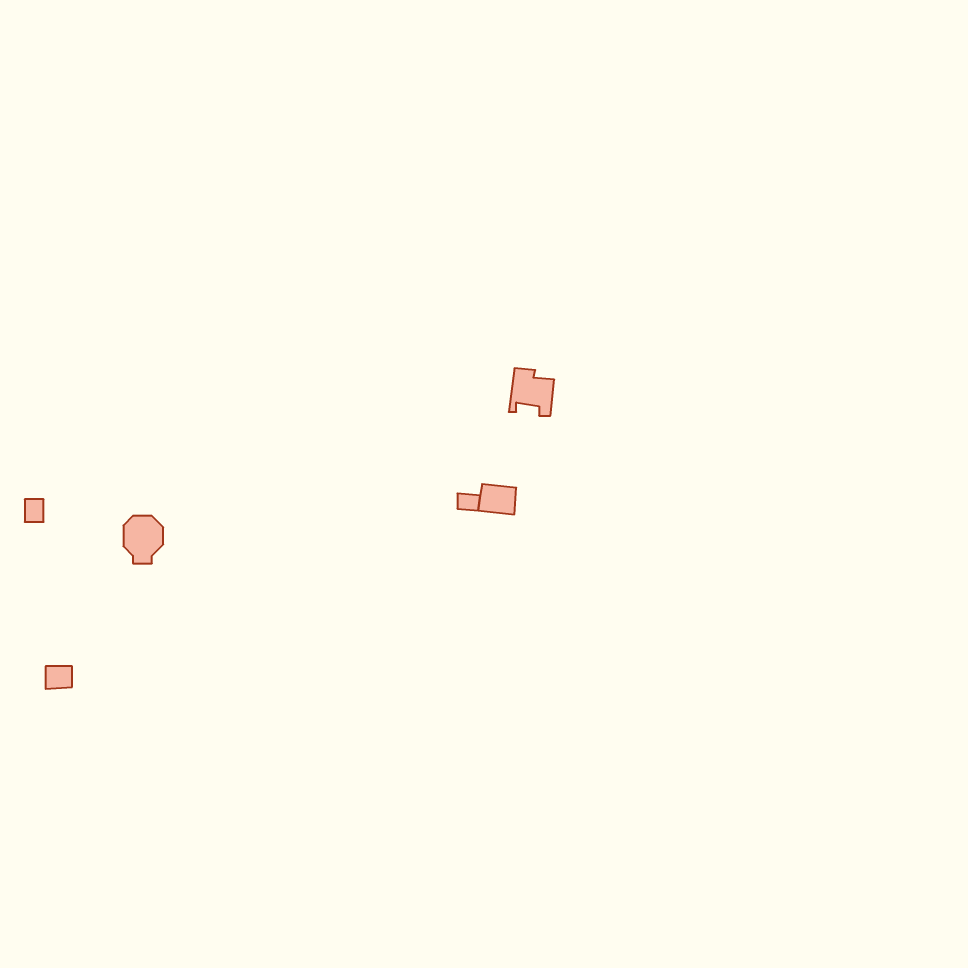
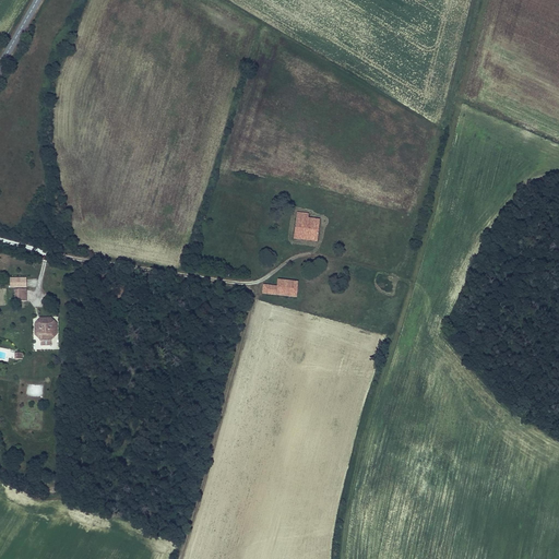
building: [123,516,163,563] -> [34,317,57,344]

